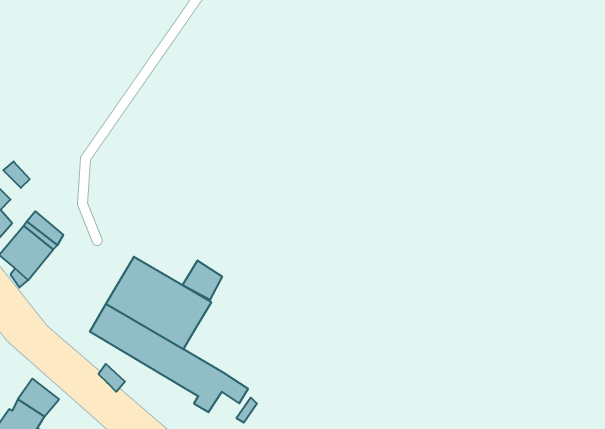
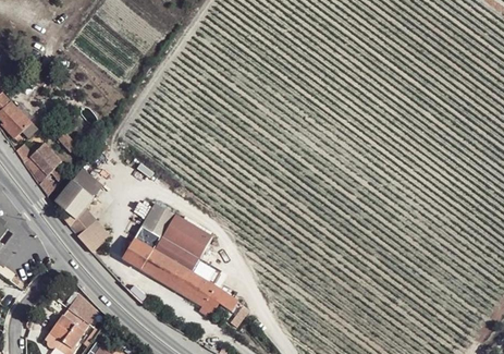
building: [182,260,222,300] -> none
building: none -> [77,220,110,252]

